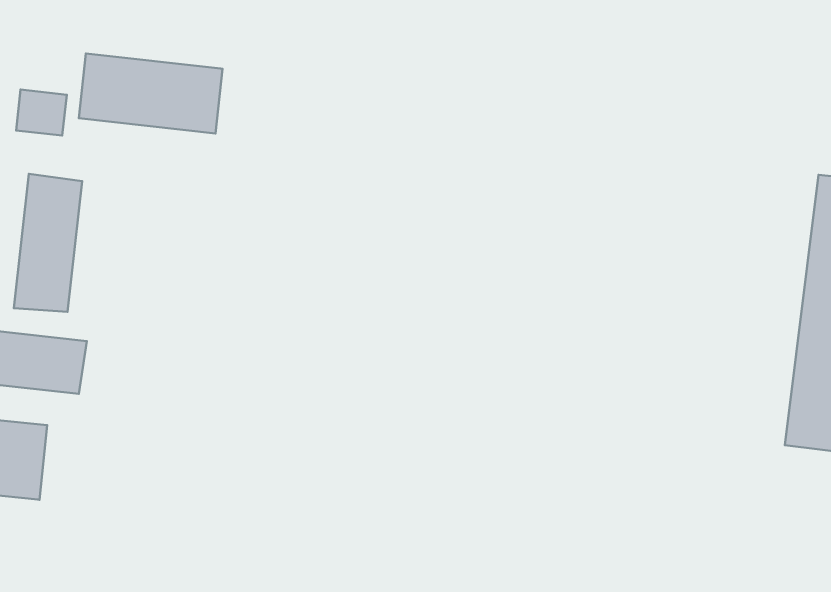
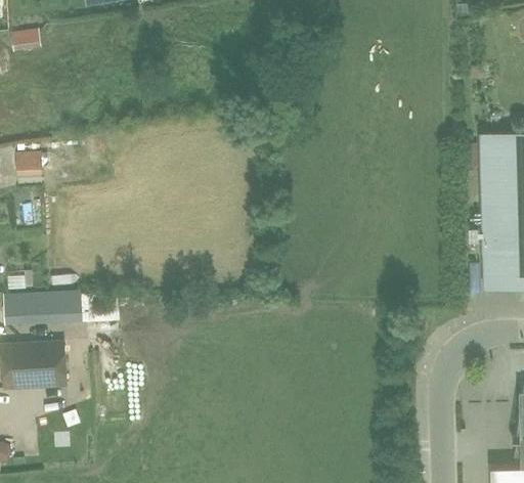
building: [79,53,223,134] -> none
building: [14,174,82,312] -> none

